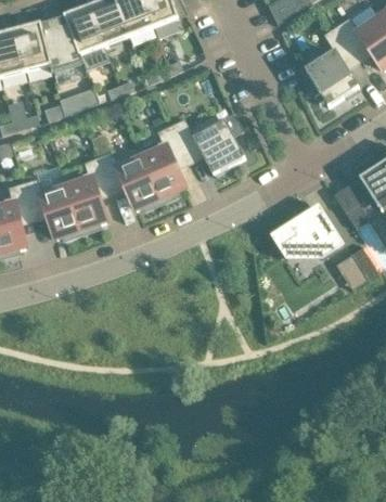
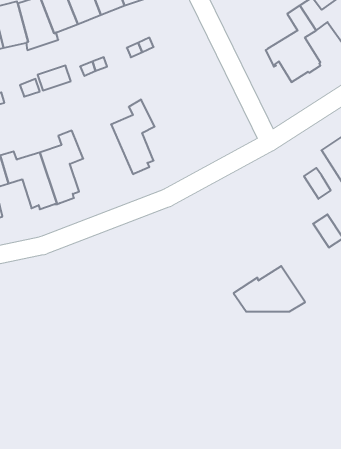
building: [170,114,245,176] -> none
building: [98,151,162,210] -> none
building: [270,207,345,255] -> [234,266,305,312]

